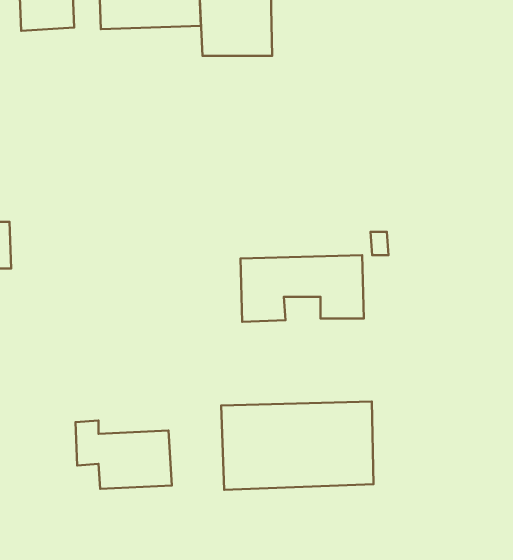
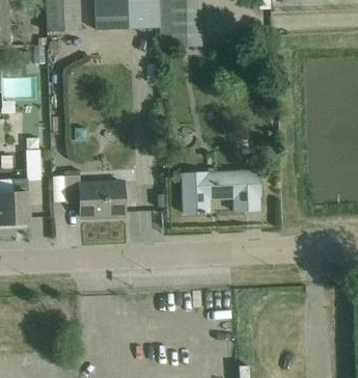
building: [221,401,373,490] -> none
building: [75,421,172,489] -> [65,174,126,217]

